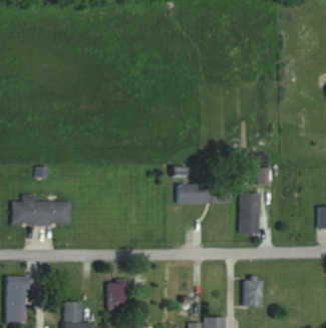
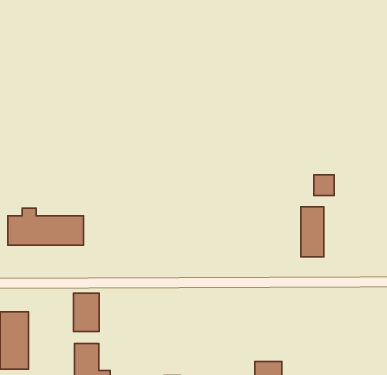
building: [177,185,229,204] -> none
building: [244,277,262,305] -> none
building: [105,279,125,309] -> [74,293,99,331]

